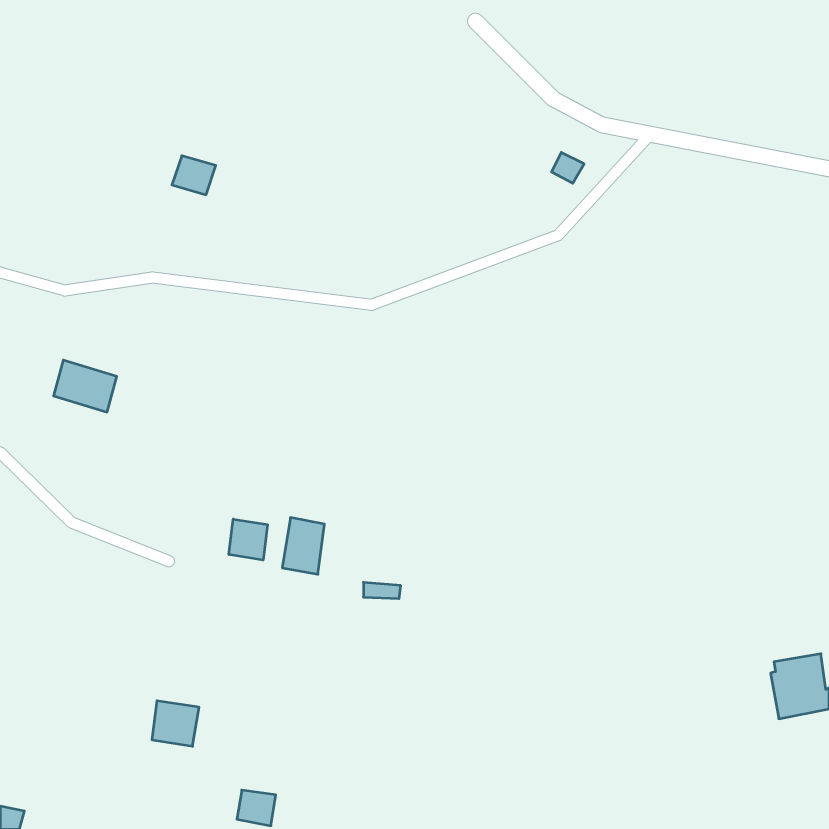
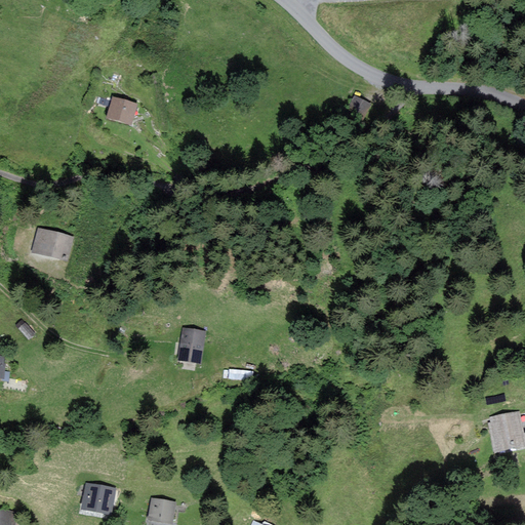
building: [229,519,267,560] -> none
building: [152,701,199,746] -> [84,484,114,513]

